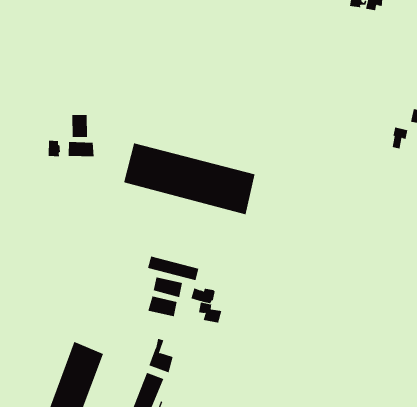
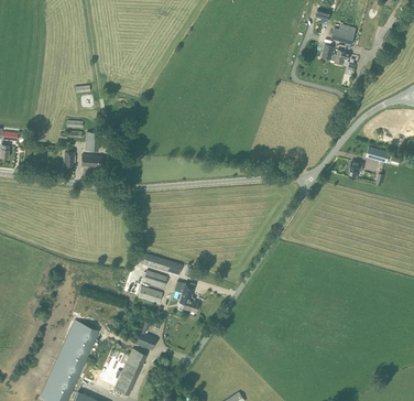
building: [123,143,255,215] -> none

